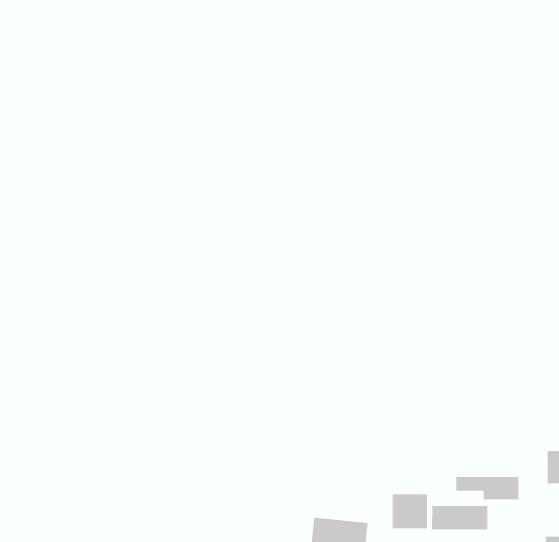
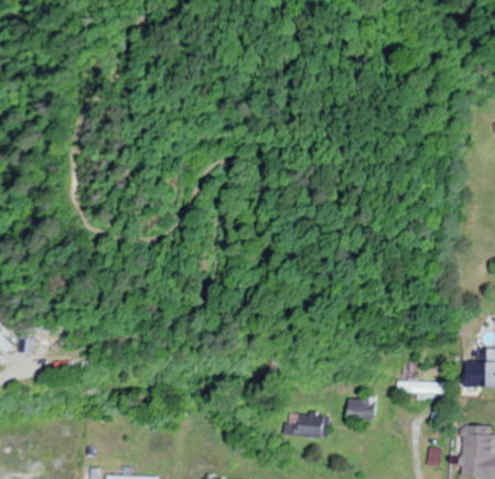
building: [432,505,488,530] -> none

